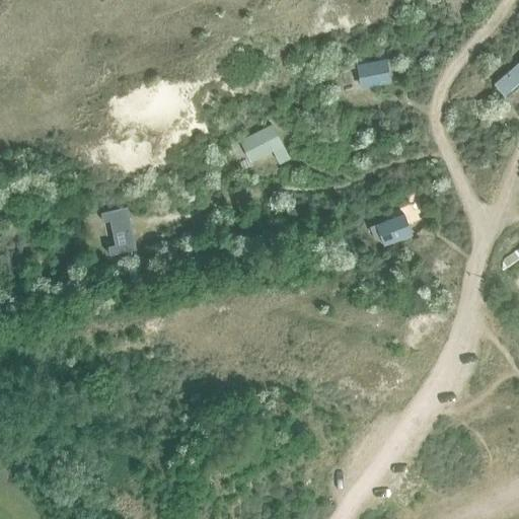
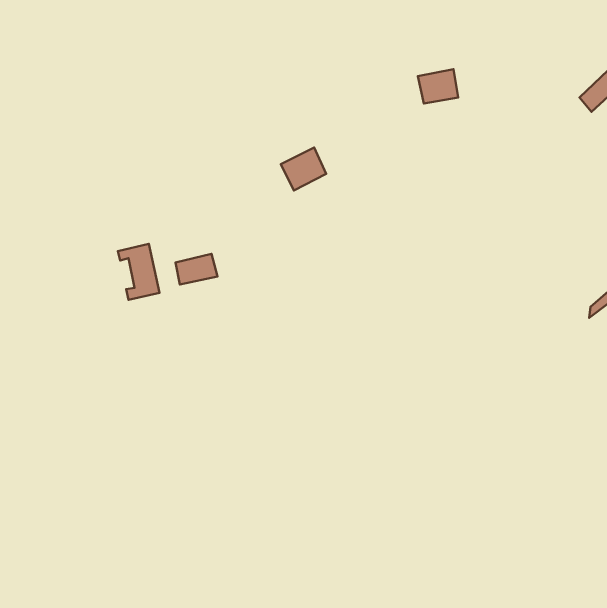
building: [376,213,414,246] -> none
building: none -> [175,254,217,285]

